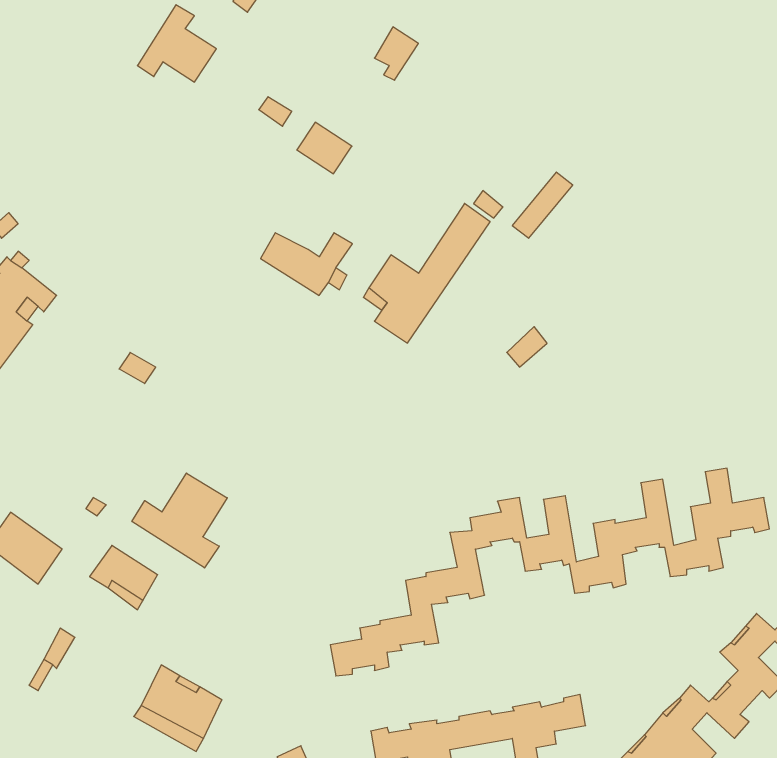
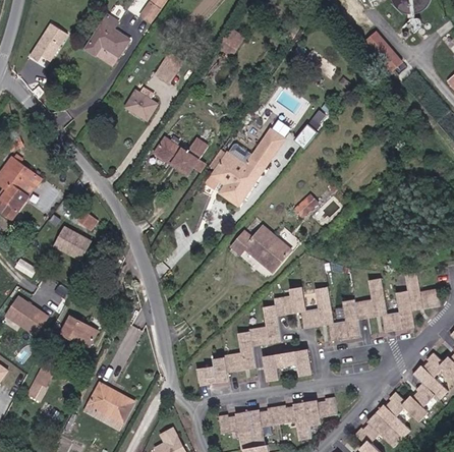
building: none -> [34,21,71,59]
building: none -> [363,29,399,67]
building: [297,122,352,174] -> [126,92,157,120]
building: none -> [234,223,289,268]
building: none -> [56,225,93,259]
building: [132,473,227,568] -> none
building: none -> [261,349,310,383]

